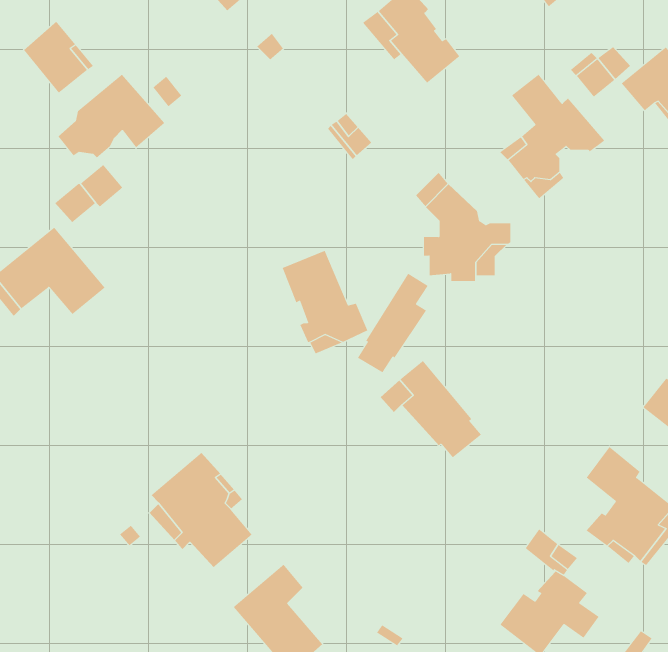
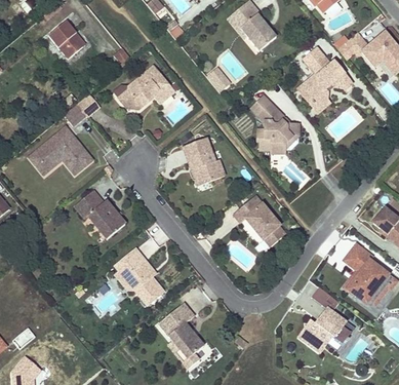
building: [58,74,165,158] -> [118,66,174,110]
building: [357,273,428,373] -> none
building: none -> [75,191,126,239]

